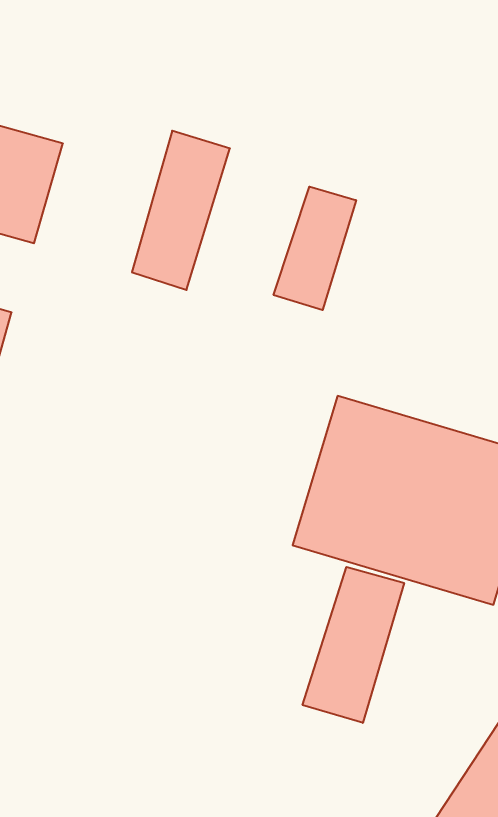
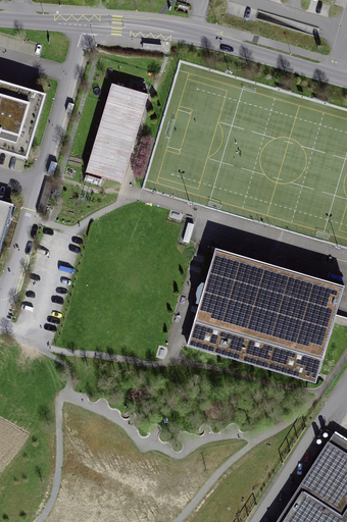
building: [274,187,356,310] -> none
building: [303,567,404,723] -> none

